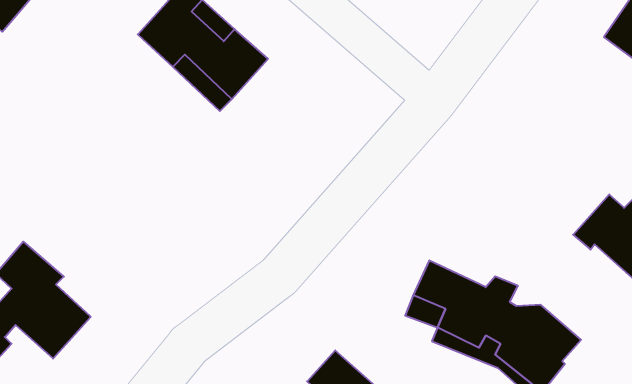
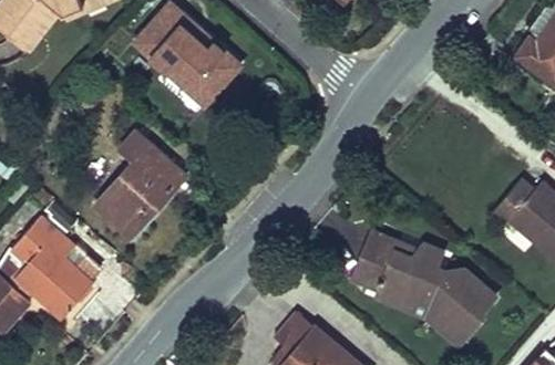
building: none -> [94,143,184,237]

